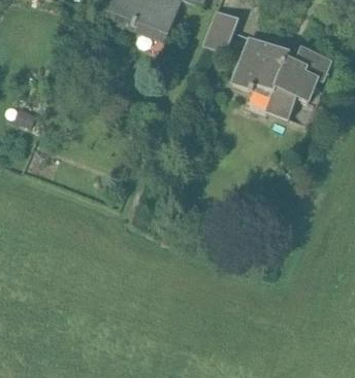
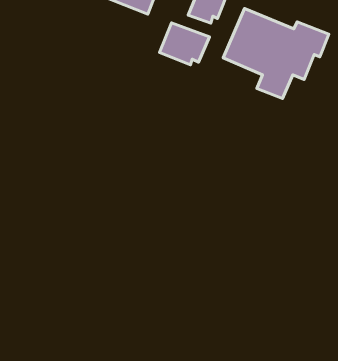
building: none -> [160,23,209,65]

